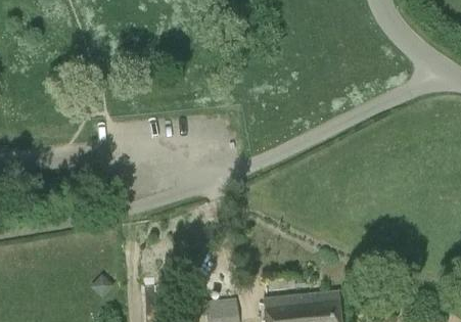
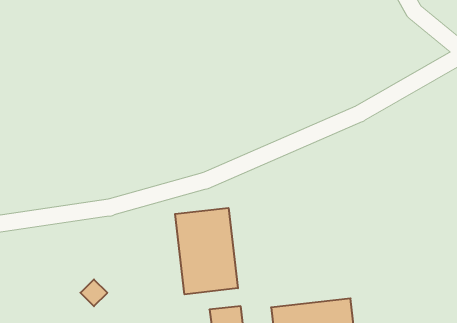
building: none -> [175,208,238,294]

